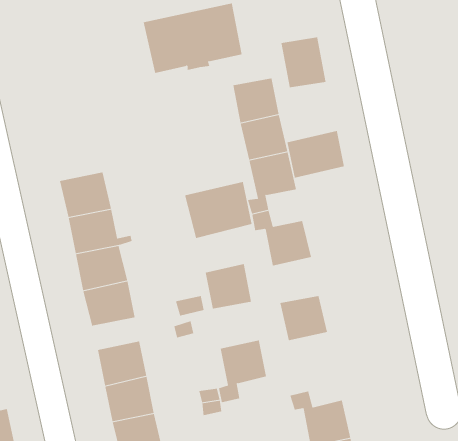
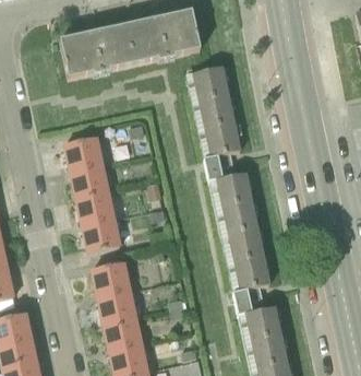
building: none -> [59,25,134,78]
building: [281,37,326,88] -> none
building: [287,130,345,179] -> none
building: [184,181,252,239] -> none
building: [205,264,252,309] -> [221,200,256,234]
building: [218,340,267,403] -> [232,256,268,303]

